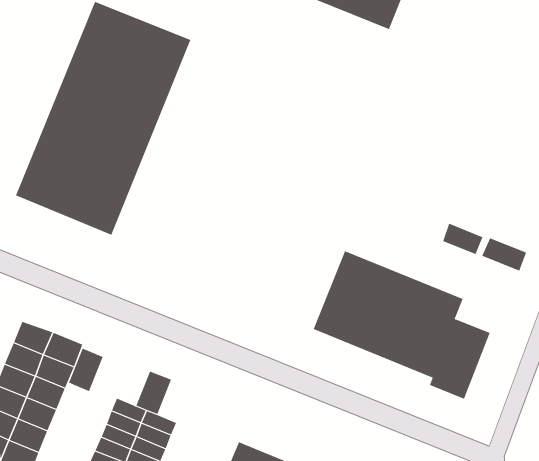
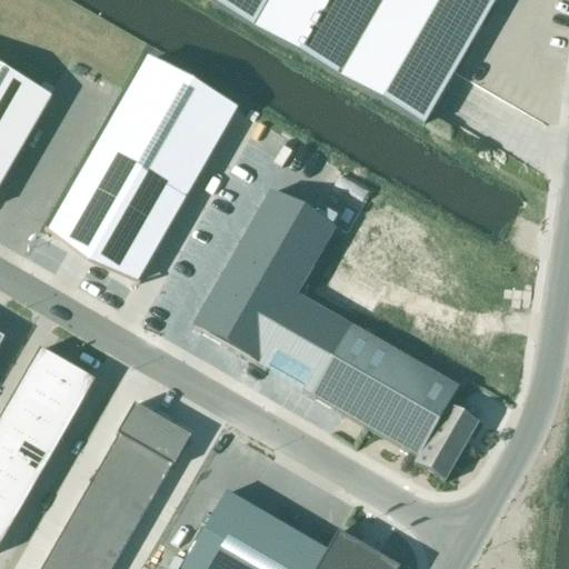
building: none -> [193,190,352,393]
building: [442,223,483,255] -> none
building: [482,238,527,272] -> none
building: [68,348,104,392] -> [117,400,153,442]
building: none -> [156,422,192,465]

